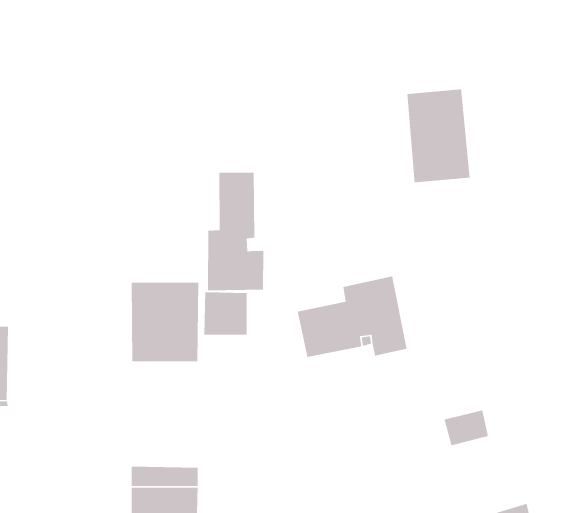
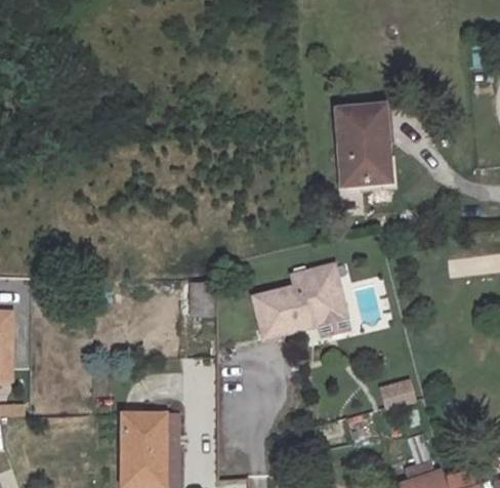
building: [207,172,264,291] -> none
building: [131,282,199,362] -> none

